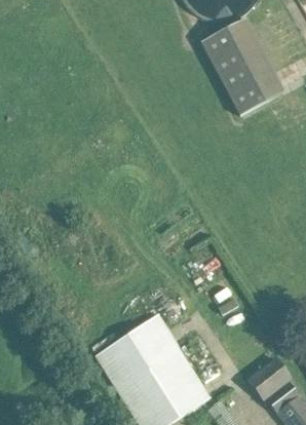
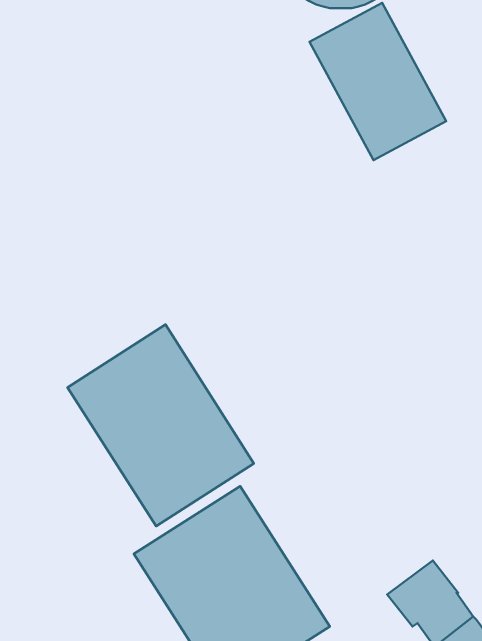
building: none -> [68,325,254,526]

